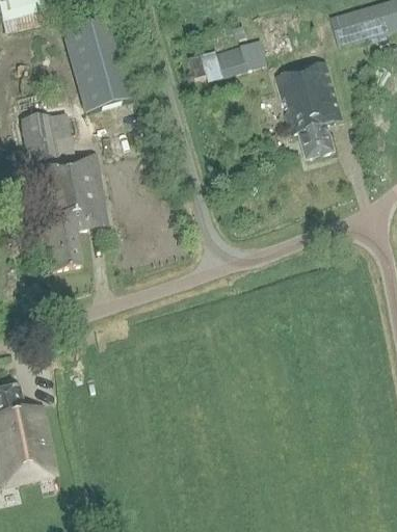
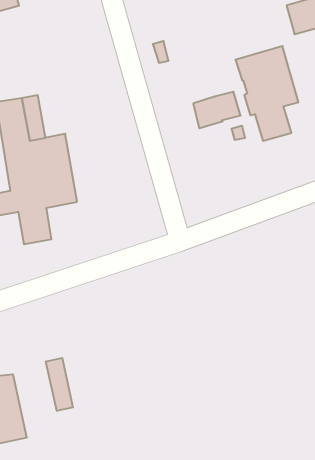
building: [61,16,136,111] -> none
building: [215,38,265,77] -> [193,92,241,128]
building: none -> [46,358,73,411]

